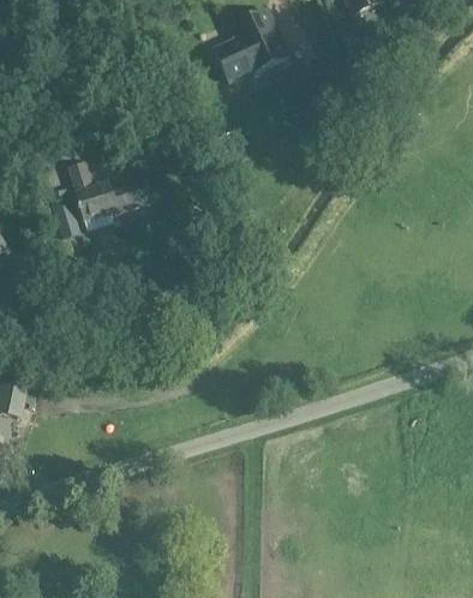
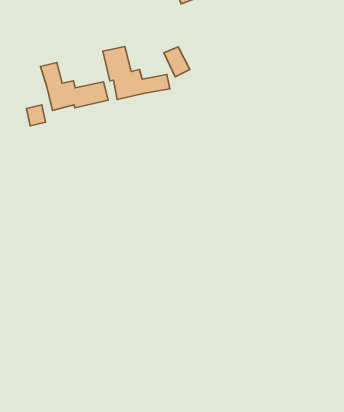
building: none -> [103,47,170,99]

